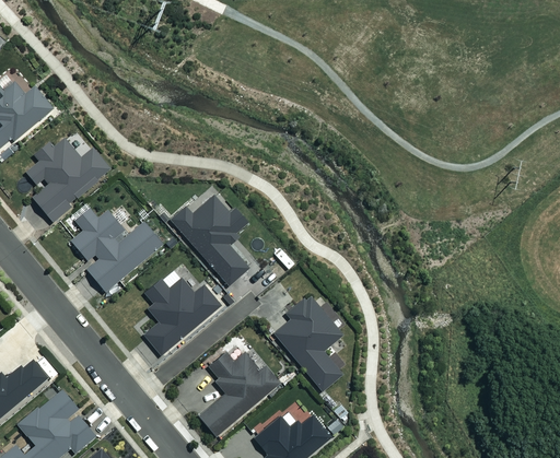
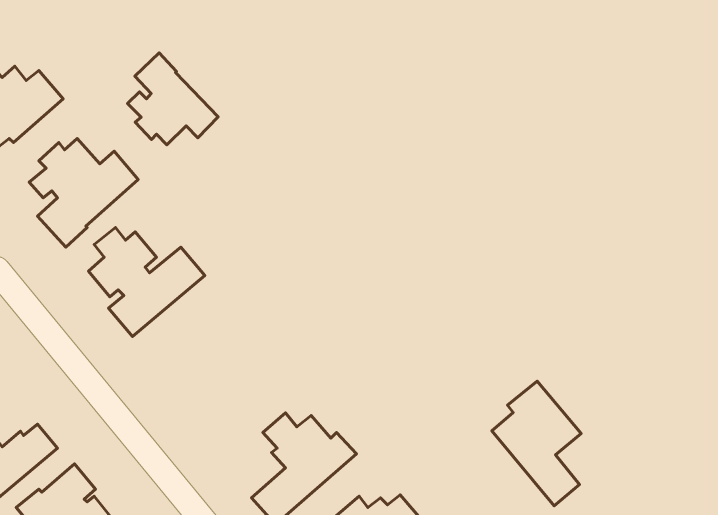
building: none -> [127,53,218,145]
building: [170,195,248,285] -> none
building: [143,278,220,354] -> none
building: [273,294,342,390] -> [492,381,581,506]

